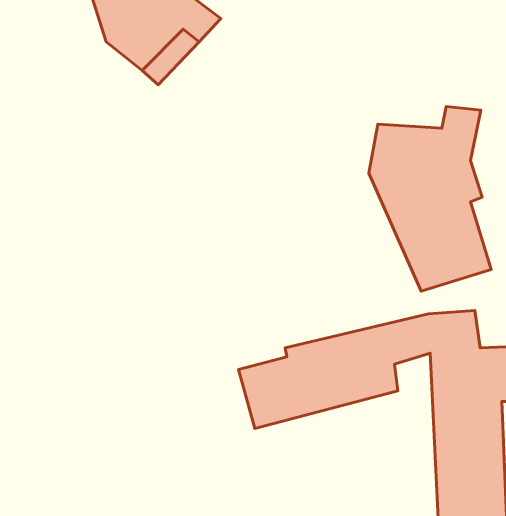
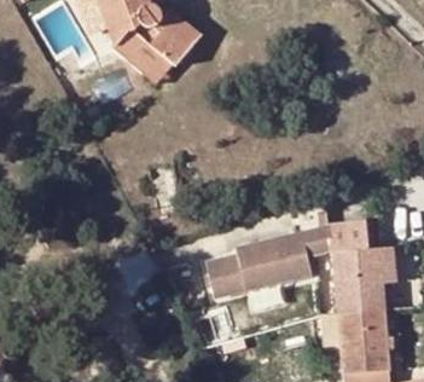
building: [369,106,491,291] -> none

